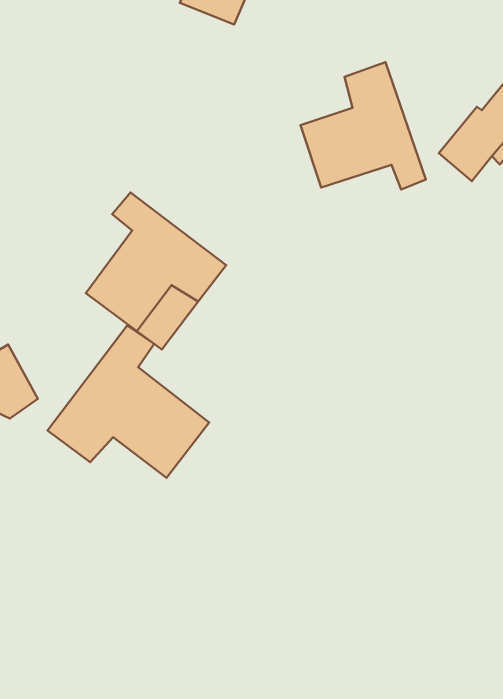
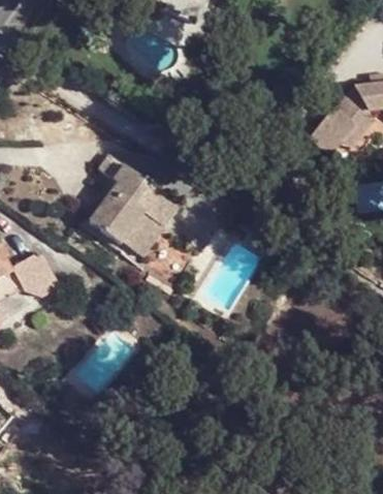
building: [301,62,426,190] -> none
building: [48,325,209,478] -> none

